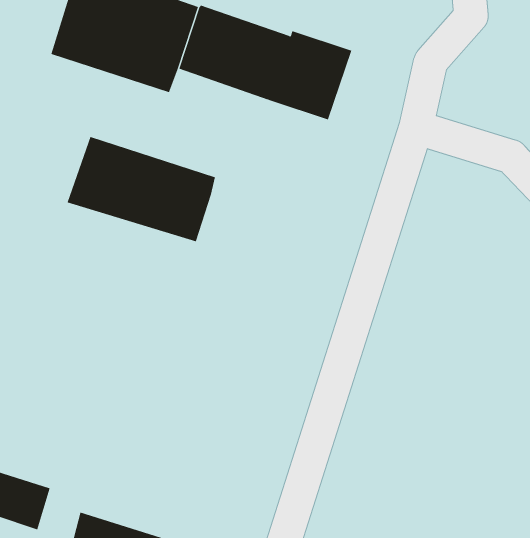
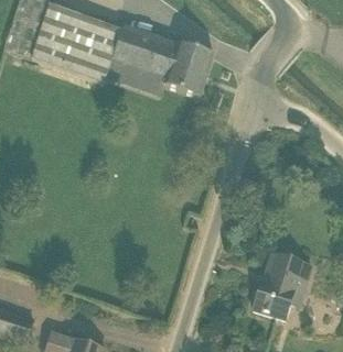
building: [67,136,216,242] -> none
building: none -> [253,252,311,317]

